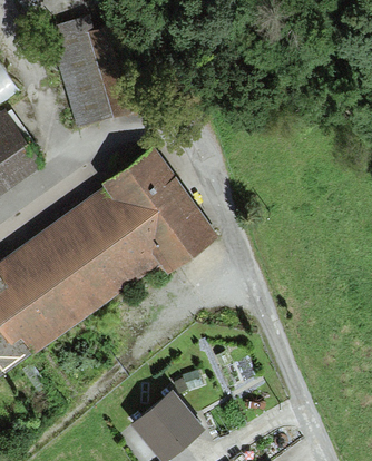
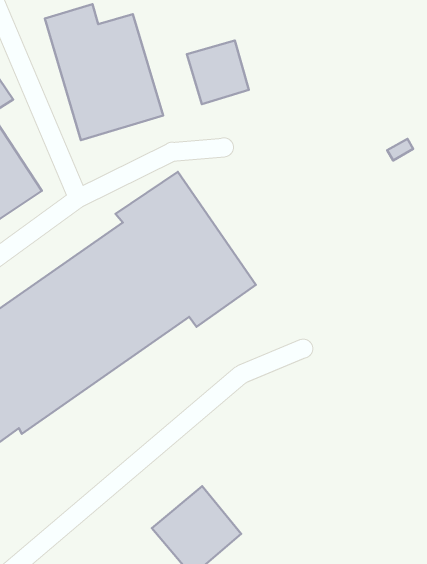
building: none -> [187,40,249,104]

